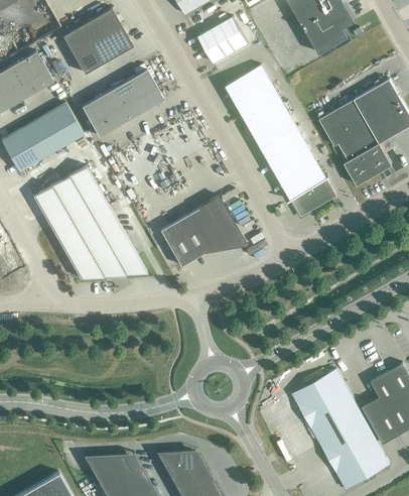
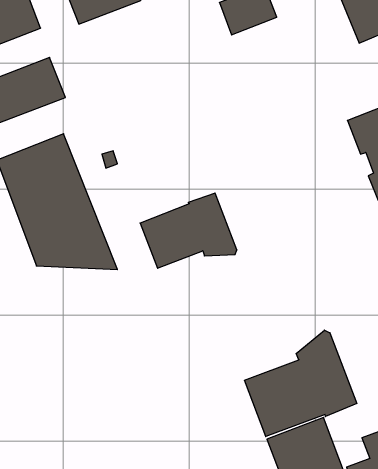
building: [226,66,336,213] -> none
building: [82,70,163,137] -> none
building: none -> [245,330,357,437]

